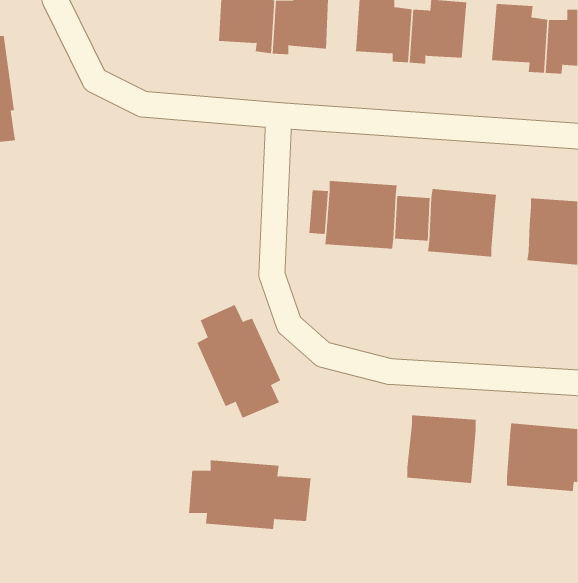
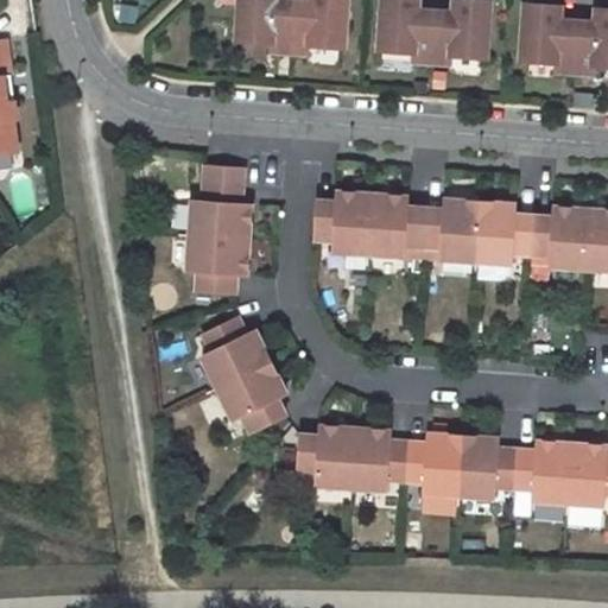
building: none -> [194,166,262,297]
building: none -> [512,213,551,261]
building: none -> [492,446,530,495]
building: [188,460,311,530] -> [299,422,428,494]

